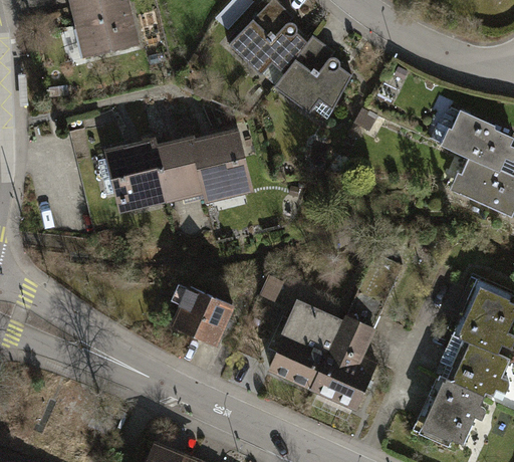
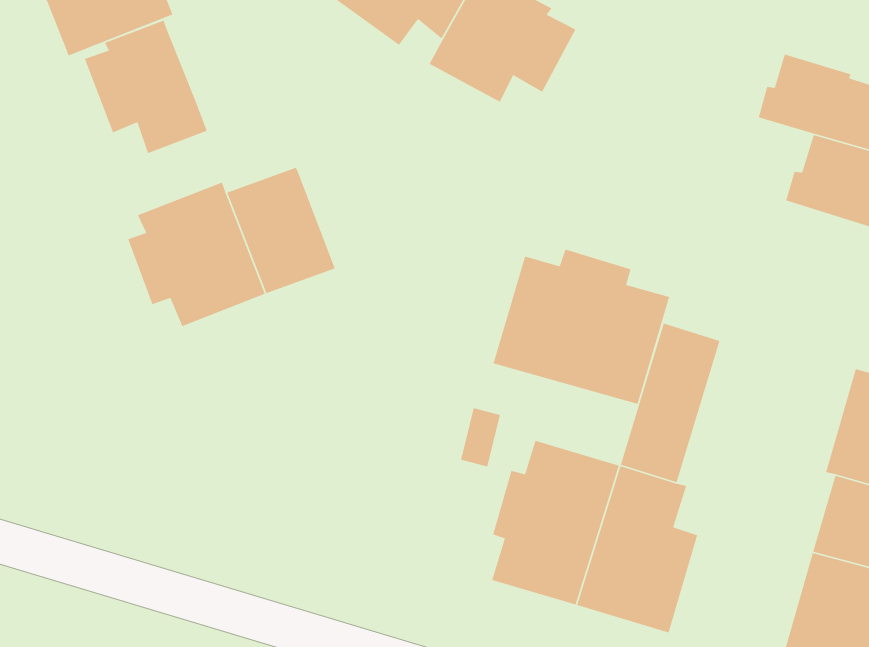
building: none -> [84,19,208,154]
building: [196,126,255,199] -> none
building: none -> [492,248,670,405]
building: [173,280,233,344] -> none

